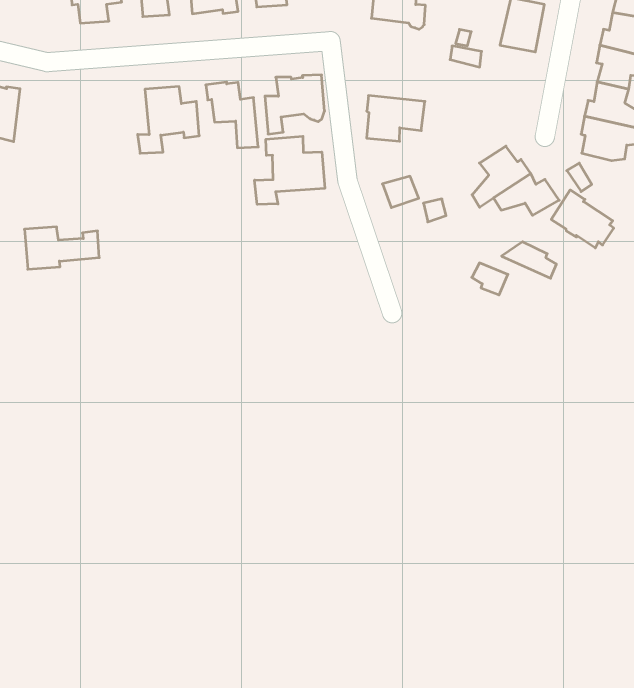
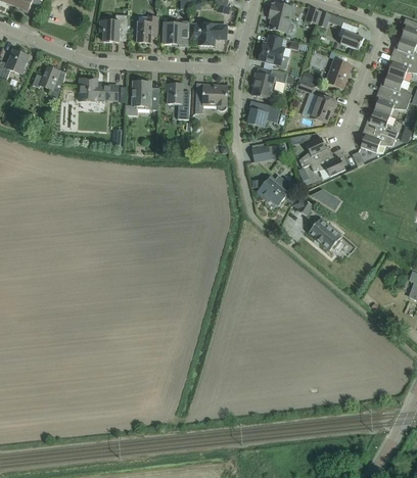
building: none -> [251,69,286,100]
building: none -> [309,94,335,123]
building: [255,136,325,204] -> none
building: [551,190,614,248] -> [308,218,340,250]
building: none -> [257,175,292,205]
building: [24,227,99,269] -> [78,79,118,101]

